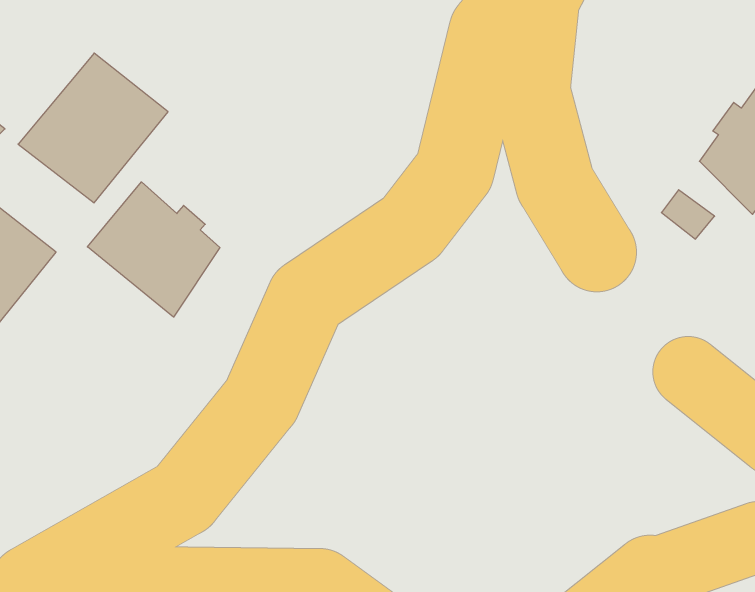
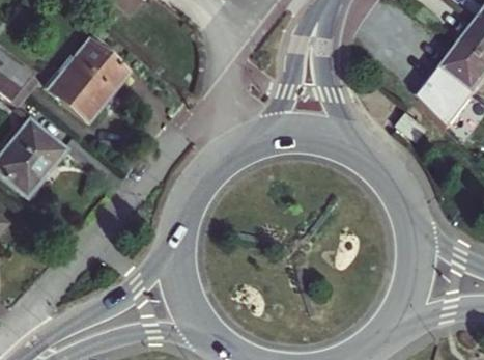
building: [87,182,220,317] -> none

